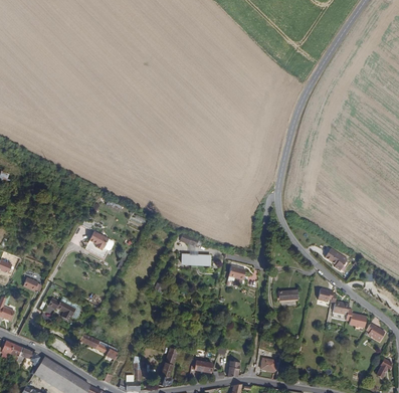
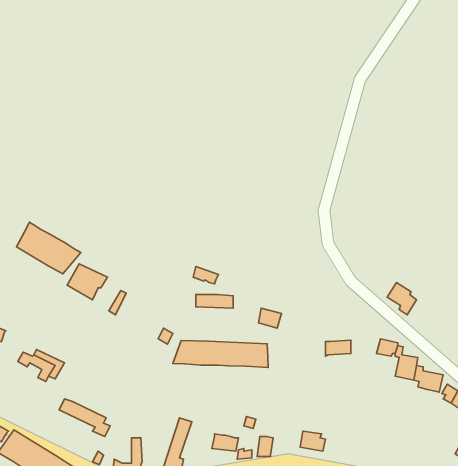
building: none -> [17,222,81,274]
building: none -> [173,340,268,367]

